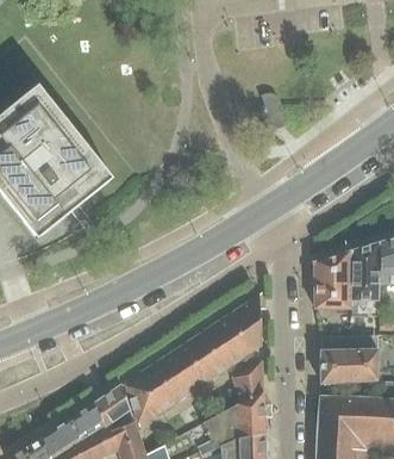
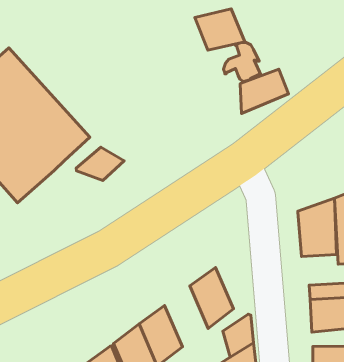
building: none -> [195,9,245,50]
building: none -> [240,69,289,114]
building: none -> [76,147,124,180]
building: [230,291,265,355] -> none
building: [177,330,219,390] -> none

